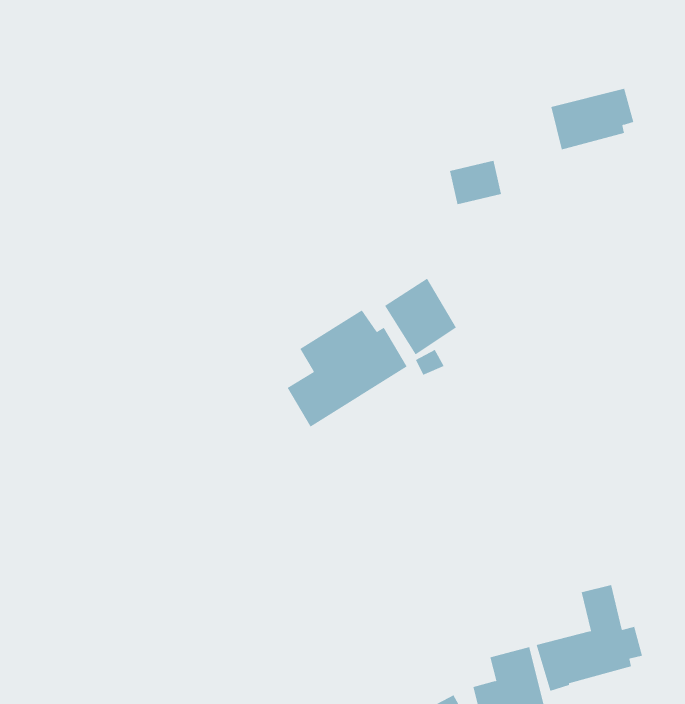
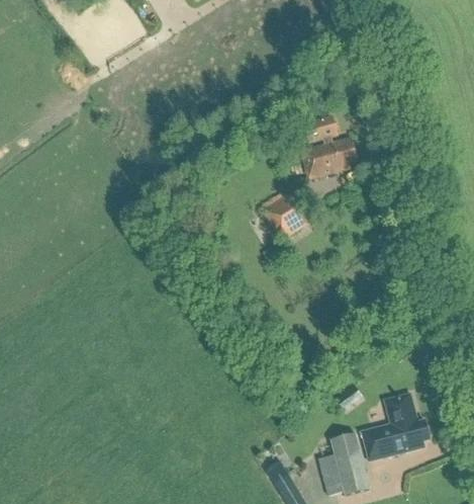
building: [550,88,634,150] -> [301,139,356,179]
building: [287,310,408,427] -> none

